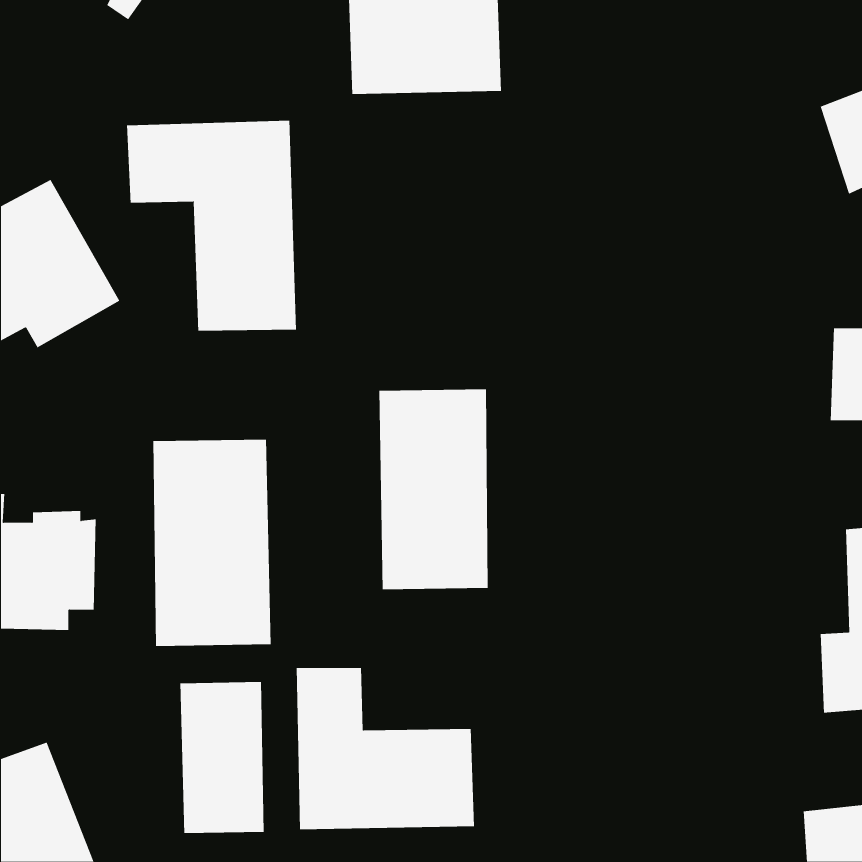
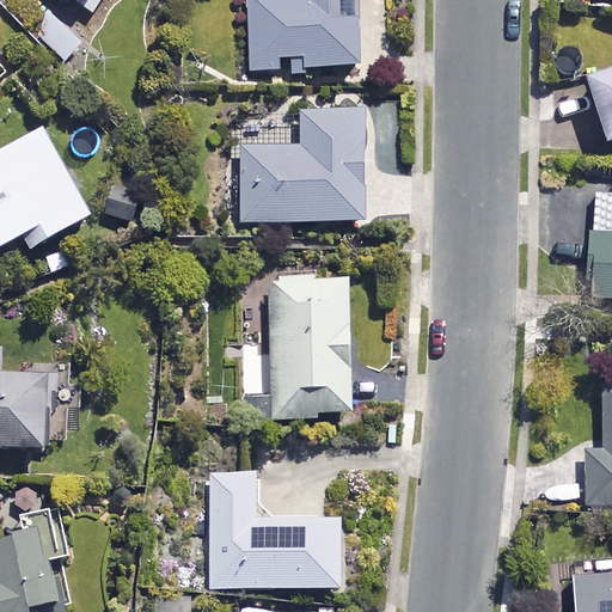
building: [126,120,297,331] -> none
building: none -> [241,108,362,222]
building: [153,439,271,647] -> none
building: [180,681,264,834] -> none

